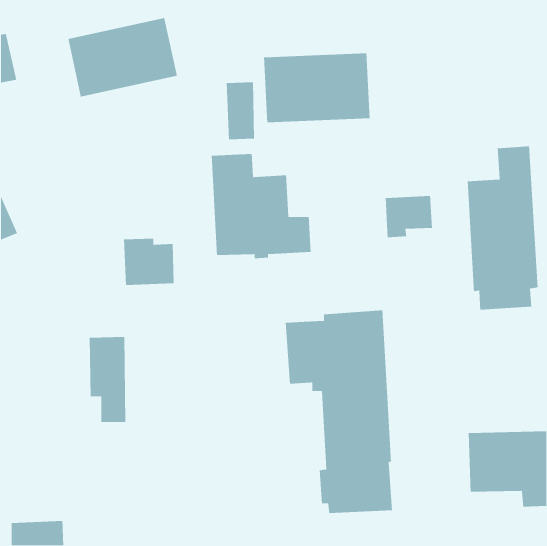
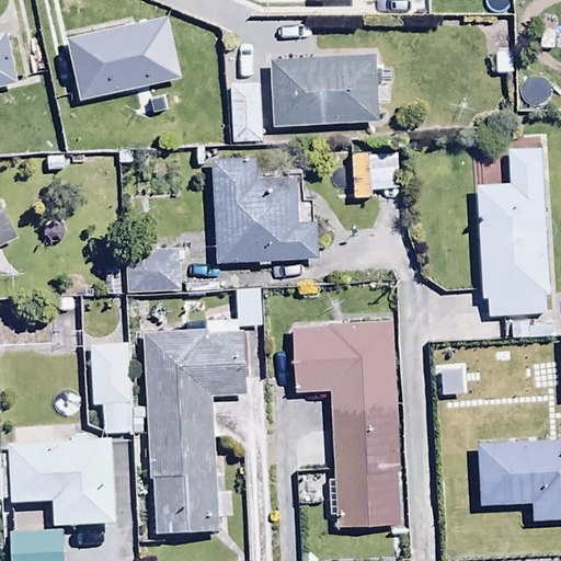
building: [385,195,433,238] -> [350,153,399,197]
building: none -> [145,290,262,535]
building: none -> [8,428,115,528]

